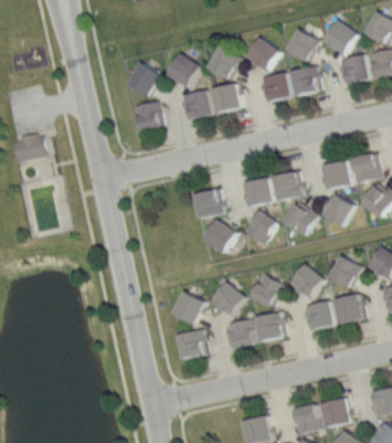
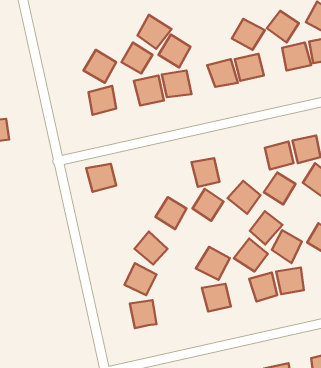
building: [244,35,280,72] -> [138,15,172,49]
building: [271,170,301,200] -> none
building: [191,189,223,219] -> [86,164,116,192]
building: none -> [250,211,282,244]
building: [210,279,245,315] -> [135,231,167,264]
building: [225,317,254,349] -> none

